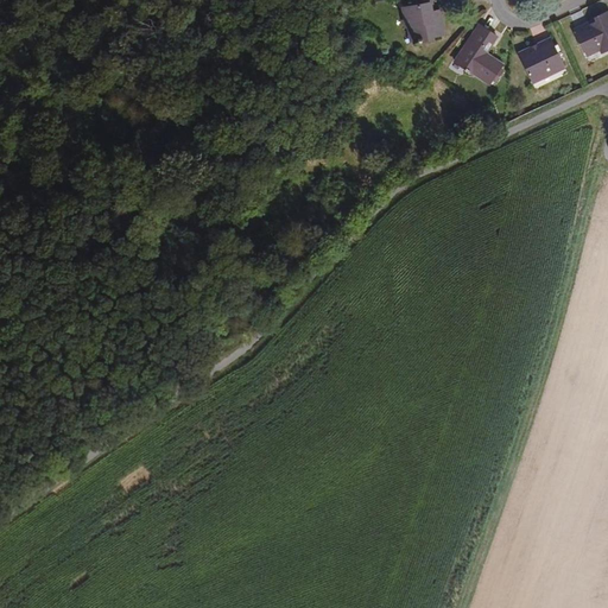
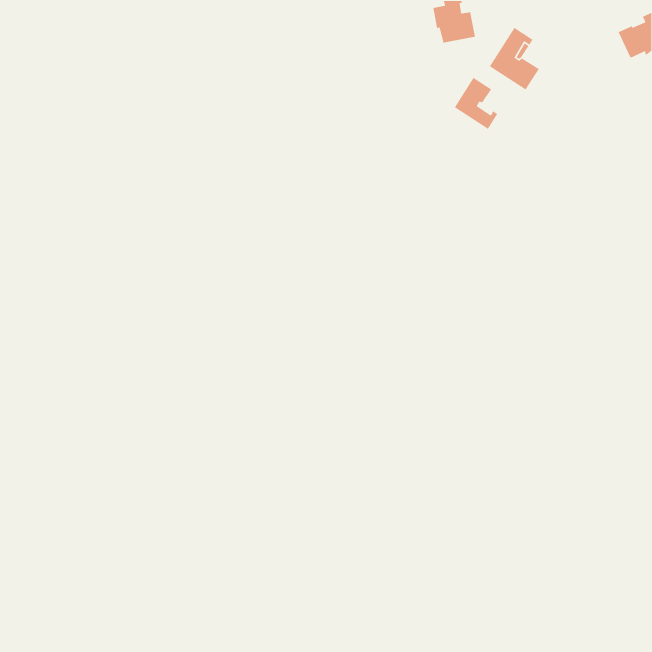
building: [519,39,564,82] -> none
building: none -> [454,77,498,130]

